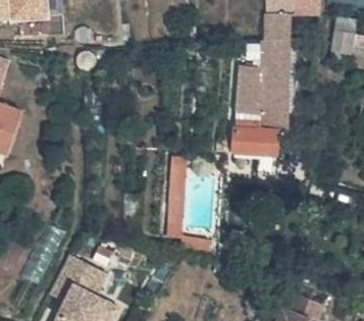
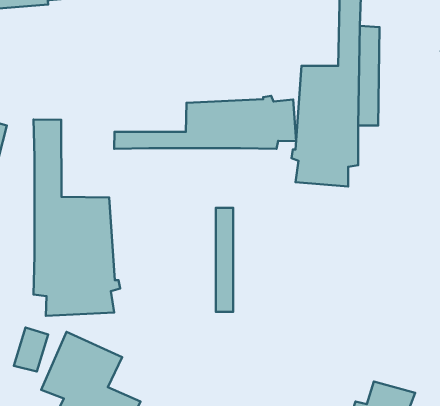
building: none -> [114,96,296,149]
building: none -> [34,119,120,316]

